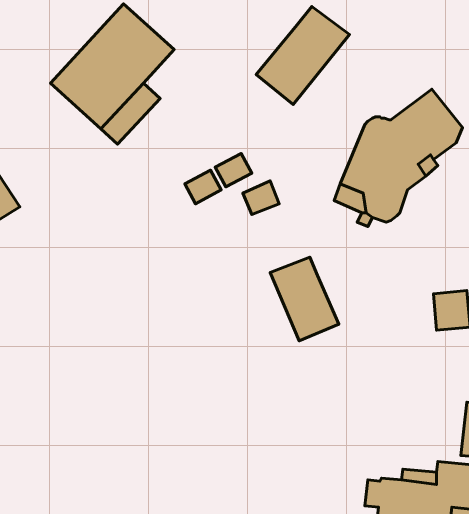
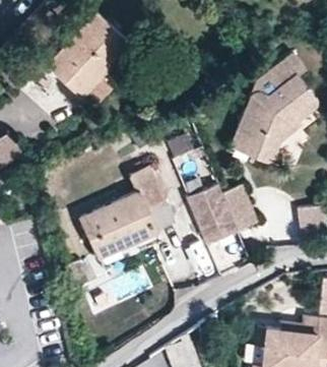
building: [256,6,350,105] -> none
building: none -> [82,166,178,255]
building: none -> [222,189,257,234]

